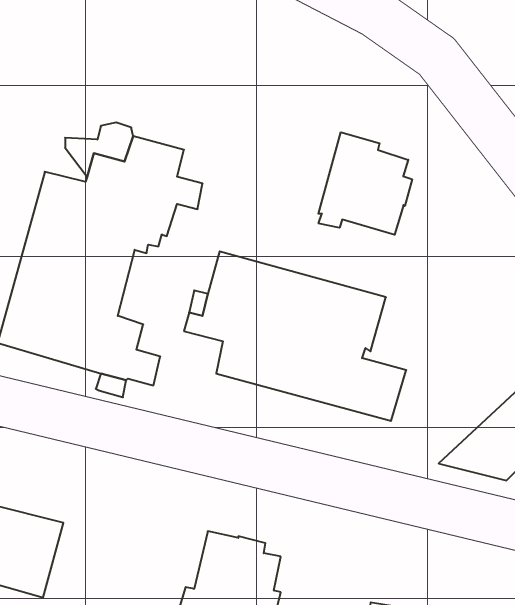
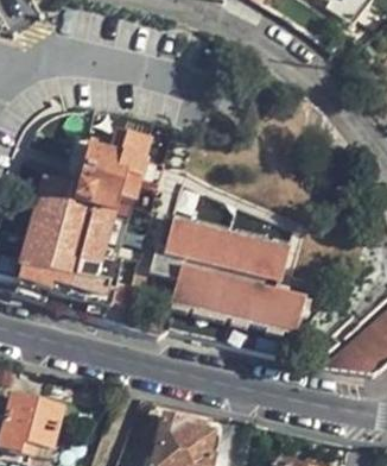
building: [318,132,412,235] -> none

